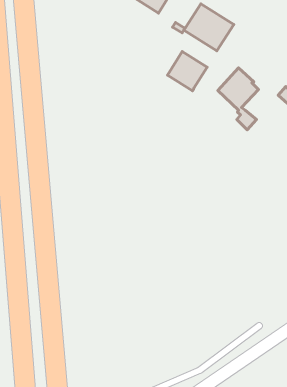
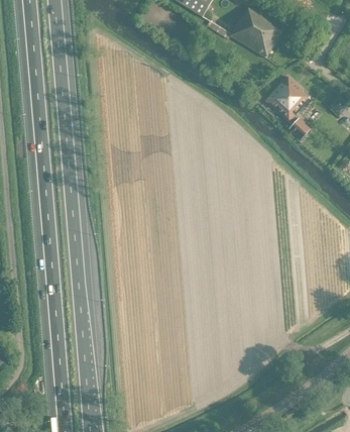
building: [168,51,207,91] -> none

